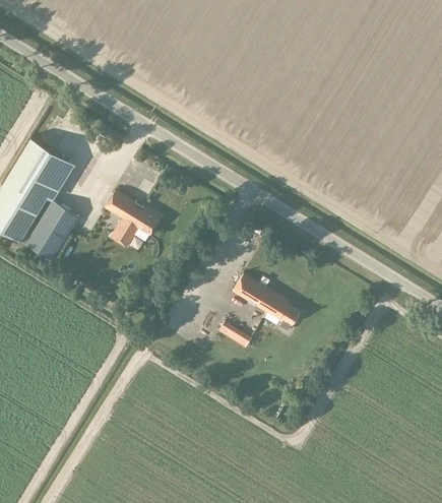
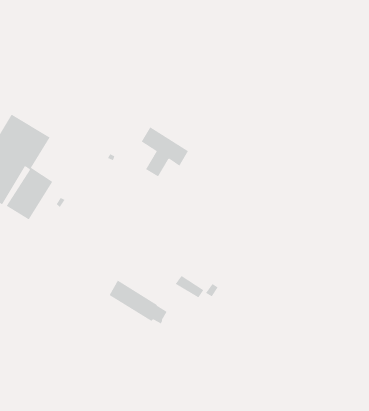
building: [106,190,161,248] -> [141,126,189,177]
building: [234,274,301,325] -> [109,280,167,324]

